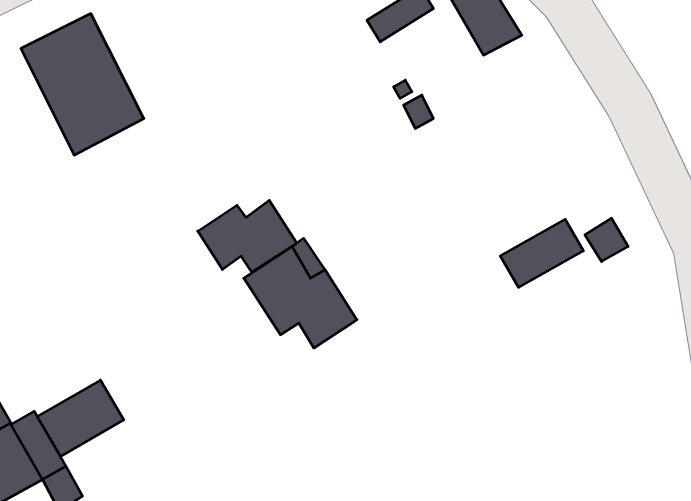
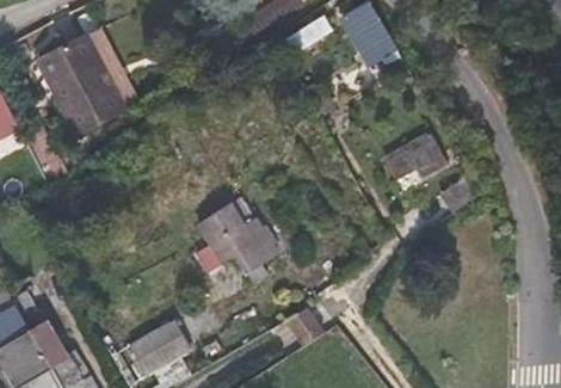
building: [198,200,297,272] -> none
building: [500,219,583,287] -> [381,133,440,181]
building: [37,380,124,457] -> [128,320,190,375]

